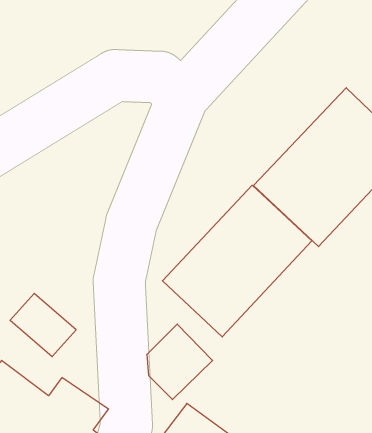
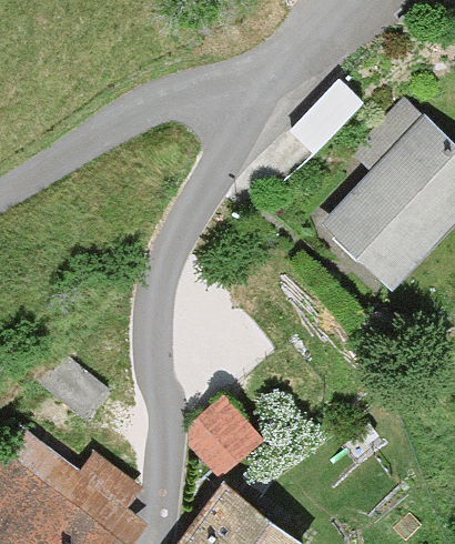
building: [162,185,312,337] -> none

